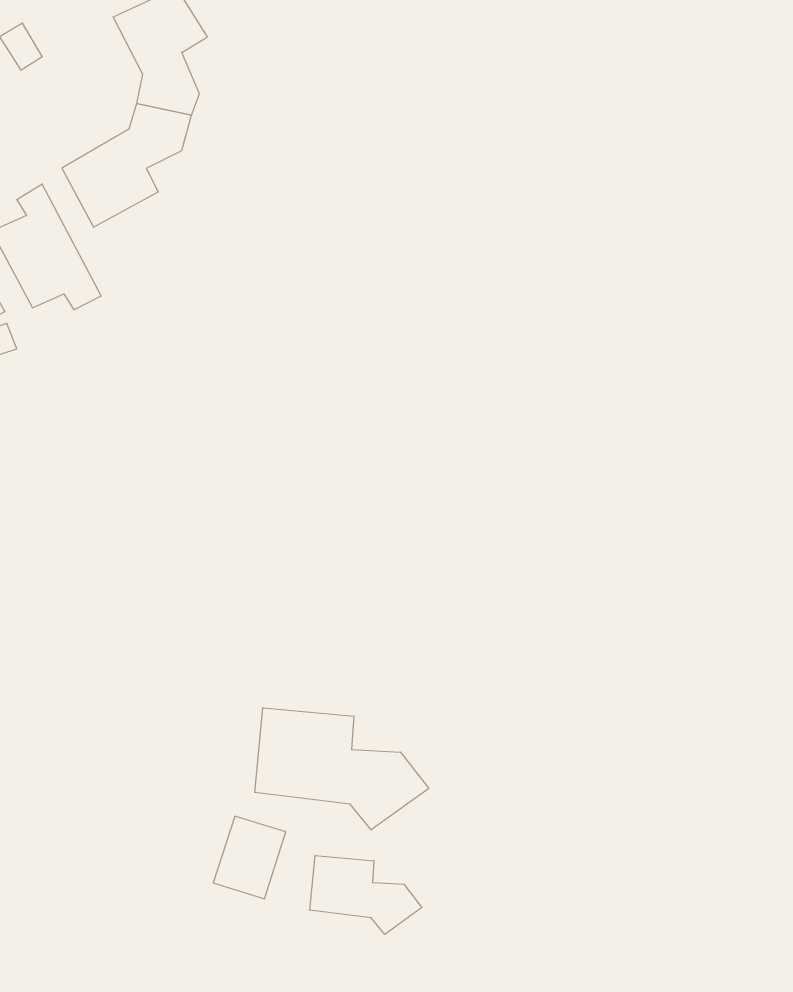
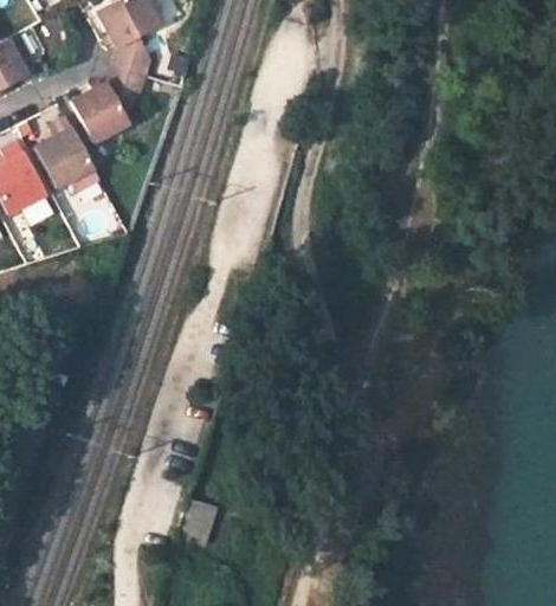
building: [255,708,429,830] -> none
building: [310,855,422,934] -> none

